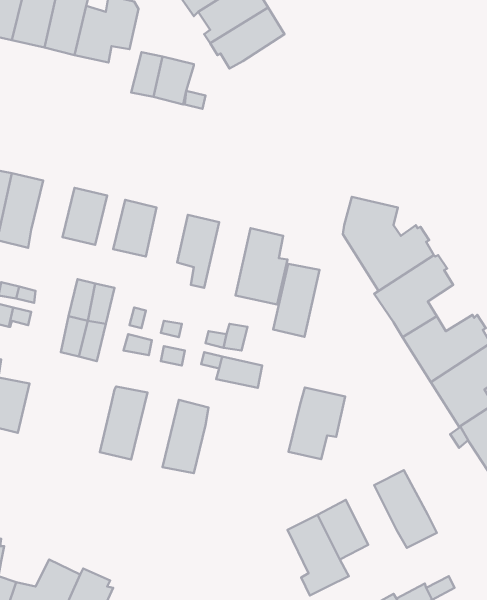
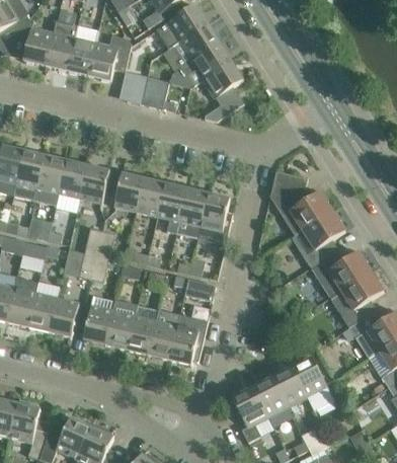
building: none -> [202,60,243,121]
building: none -> [58,159,87,198]
building: none -> [136,177,164,215]
building: [273,264,319,337] -> [175,187,207,237]
building: none -> [83,295,114,343]
building: none -> [49,297,78,335]
building: [288,388,345,459] -> [168,314,207,363]
building: none -> [126,303,158,354]
building: none -> [271,366,306,406]

